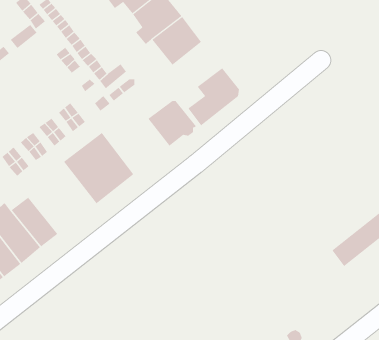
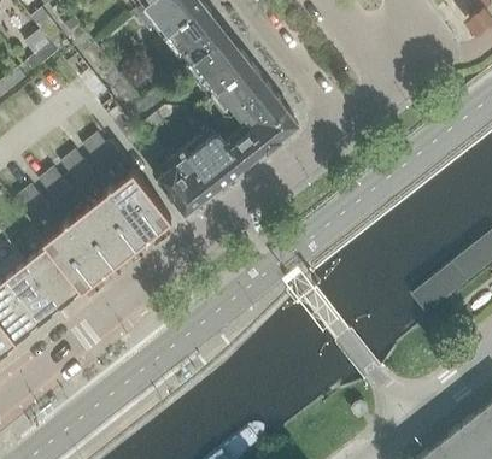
building: none -> [213,64,273,119]
building: none -> [154,154,210,214]
building: none -> [41,205,124,289]

